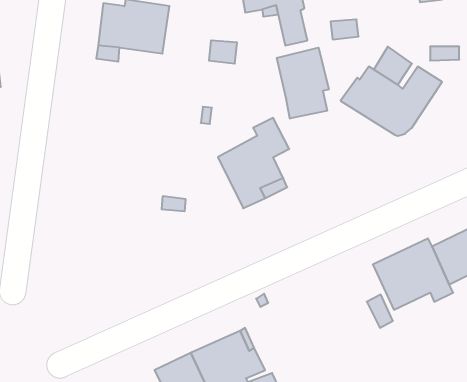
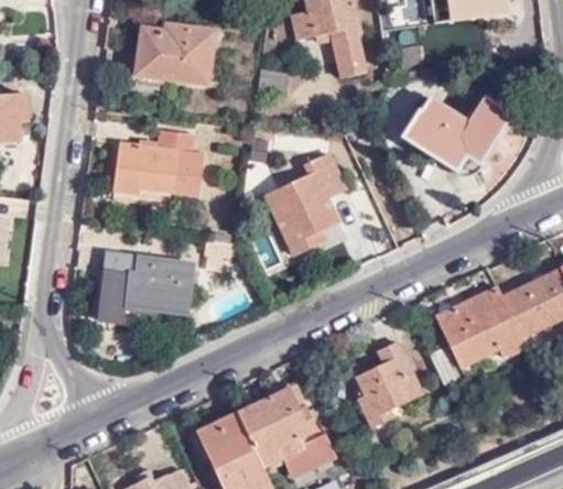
building: [277,48,329,119] -> none
building: none -> [112,130,205,195]
building: none -> [99,252,191,323]
building: none -> [355,340,420,425]

